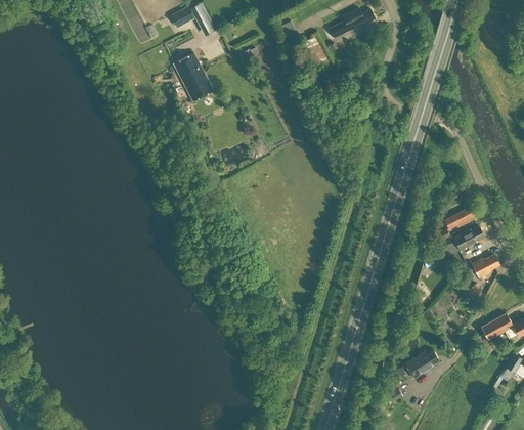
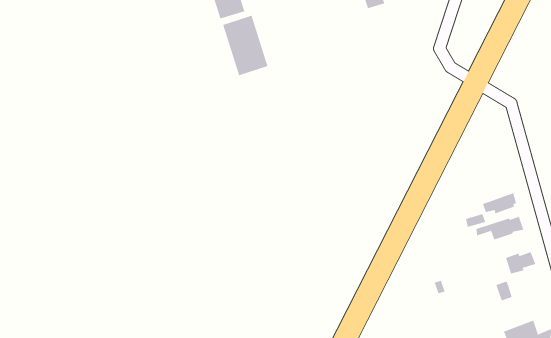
building: none -> [222,15,268,76]

